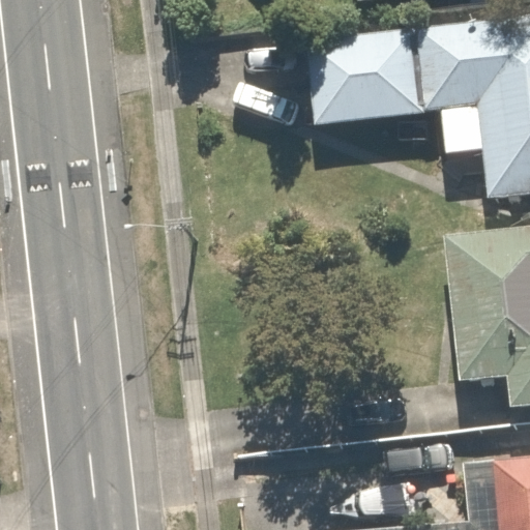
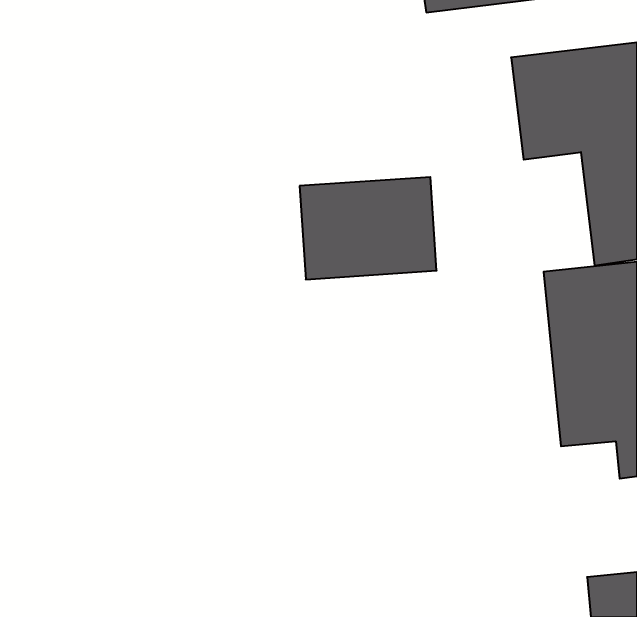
building: [293,55,407,140] -> [300,177,437,279]

